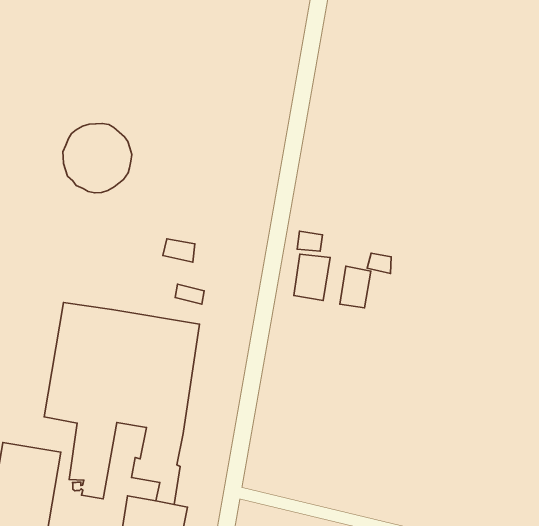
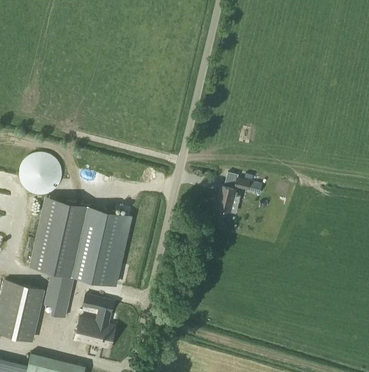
building: [63,123,132,193] -> [19,153,61,195]
building: [294,254,330,301] -> none

